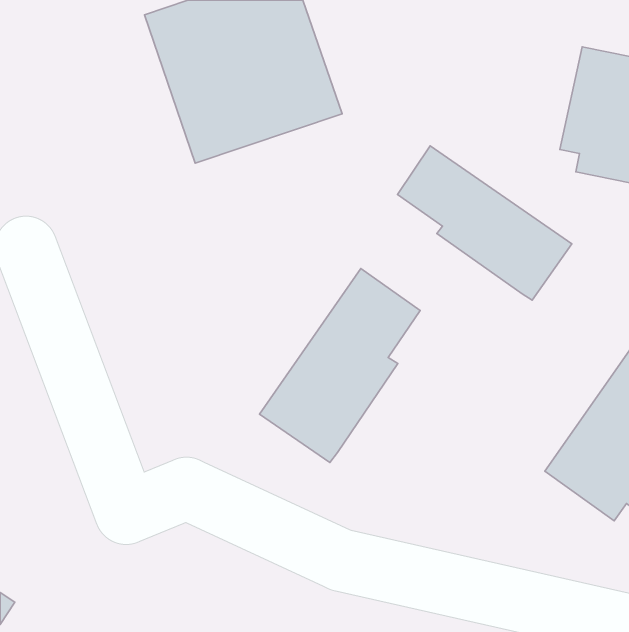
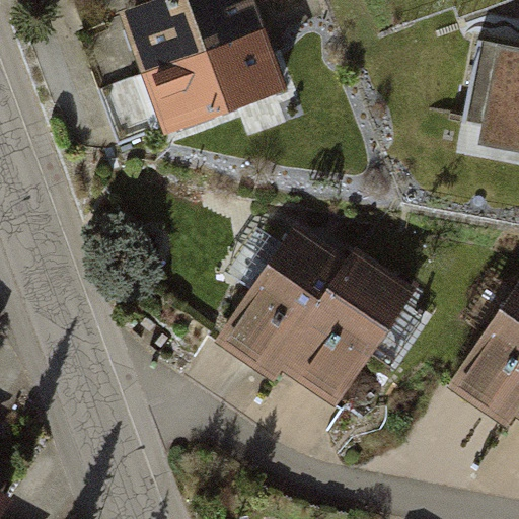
building: [397,146,572,300] -> none
building: none -> [279,244,419,410]

